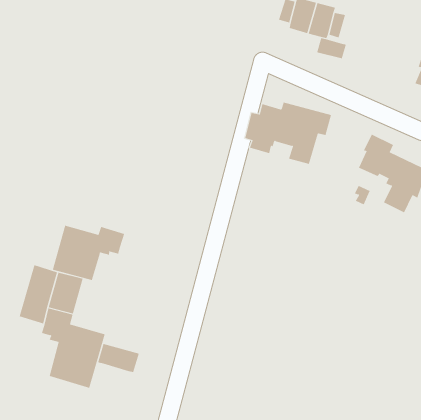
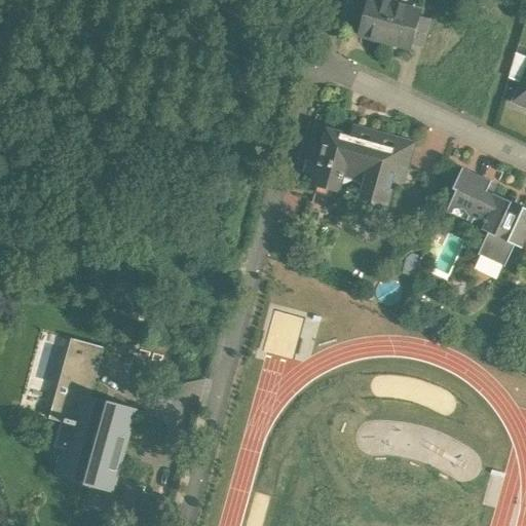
building: [317,38,346,59] -> none
building: [52,225,125,281] -> none
building: [97,343,139,373] -> none

